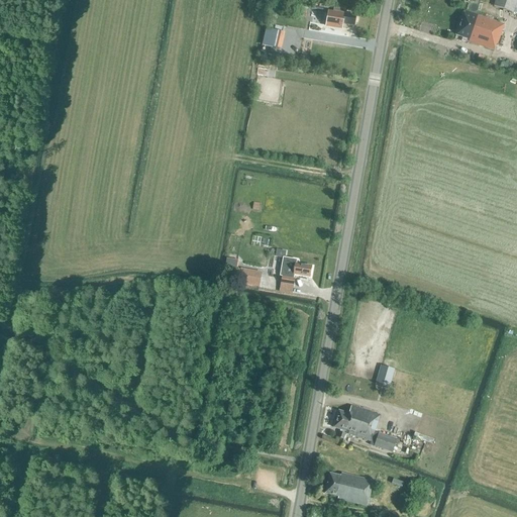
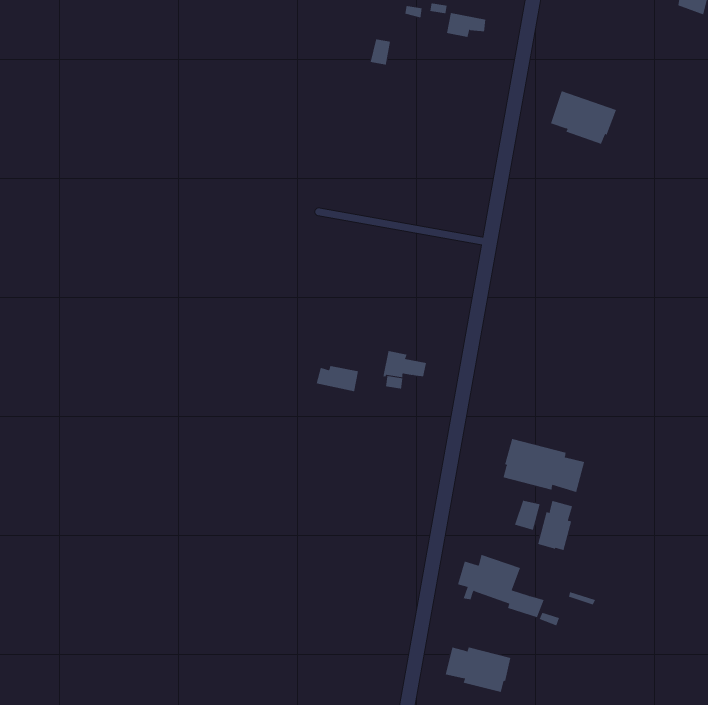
building: [455,9,504,48] -> [550,90,617,144]
building: none -> [503,438,585,493]
building: none -> [538,500,573,551]

